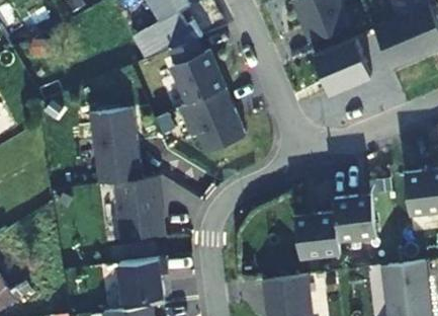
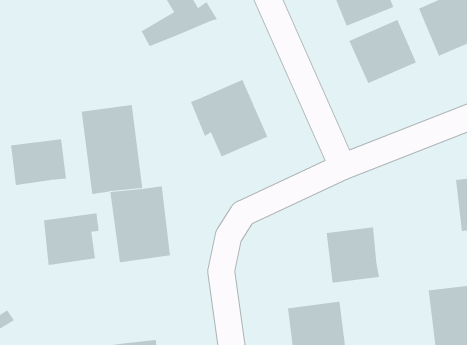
building: [170,38,225,103] -> none
building: none -> [11,138,67,186]
building: [332,194,374,242] -> none
building: [117,258,165,303] -> [43,213,100,266]

